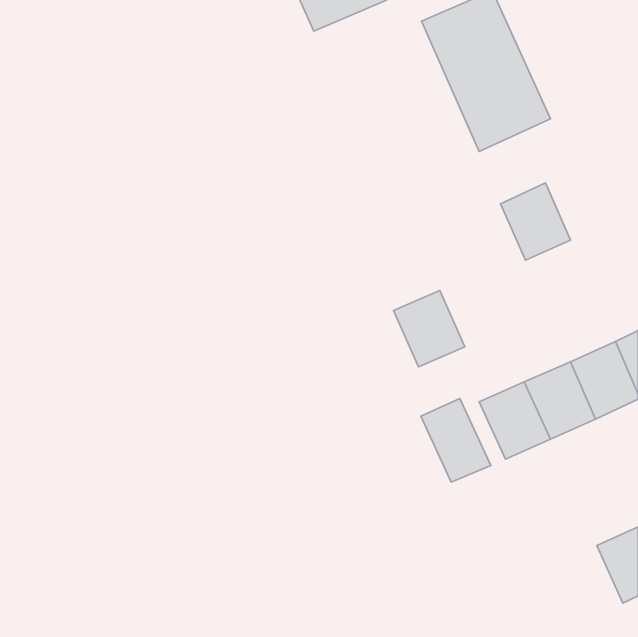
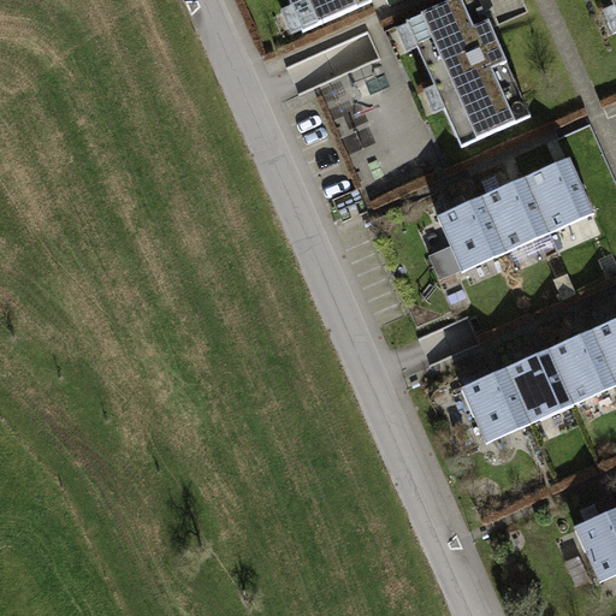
building: none -> [525,156,593,231]
building: [393,290,465,367] -> [437,196,505,270]
building: [421,398,491,482] -> none

